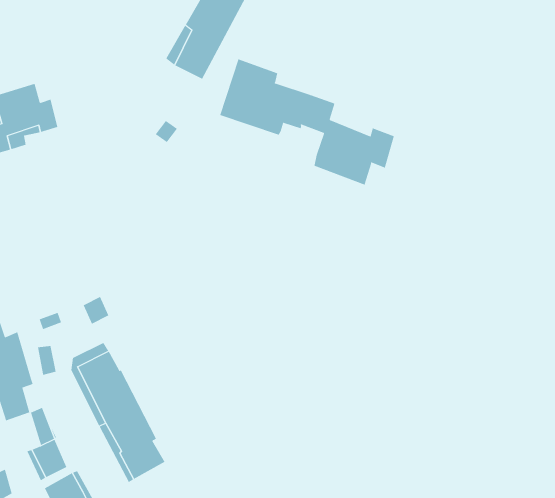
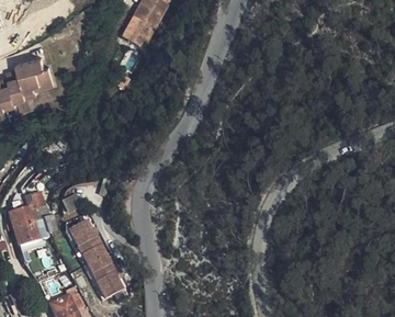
building: [219,59,394,185] -> none

